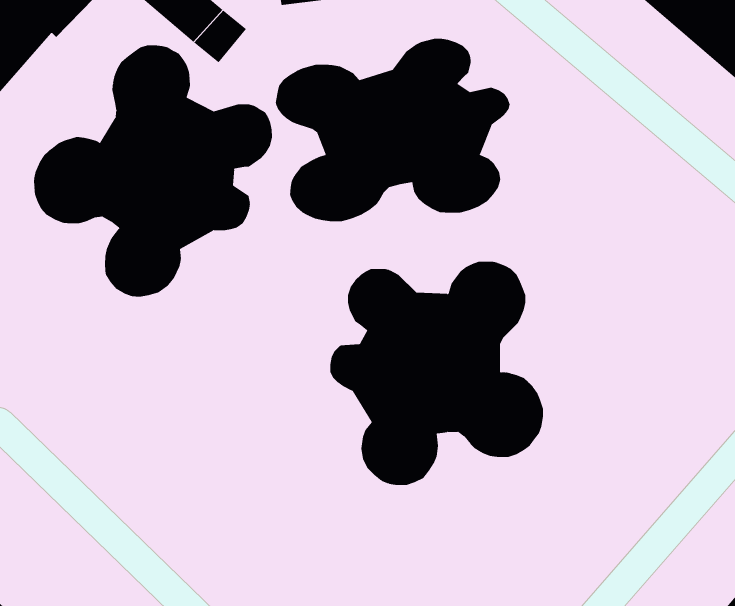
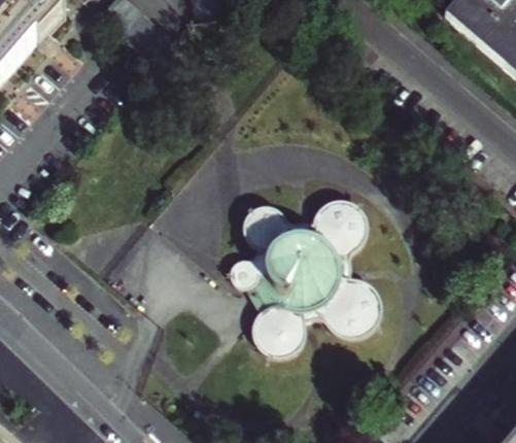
building: [275,38,510,222] -> none
building: [34,44,273,298] -> none

